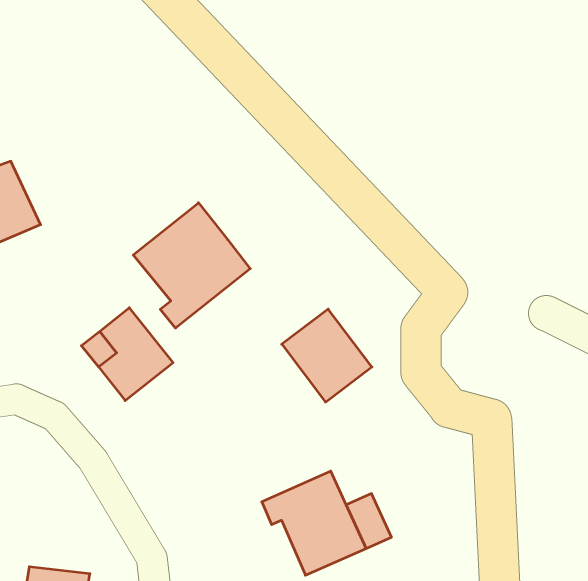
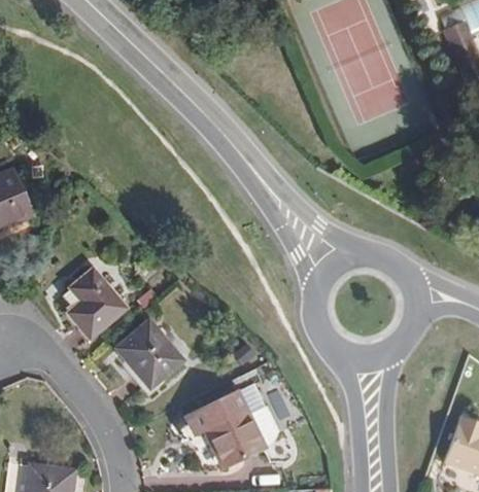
building: [133,203,250,328] -> none
building: [282,309,372,402] -> [119,323,185,391]

